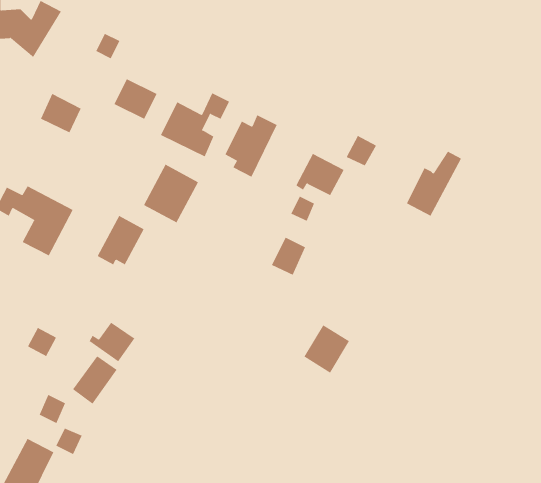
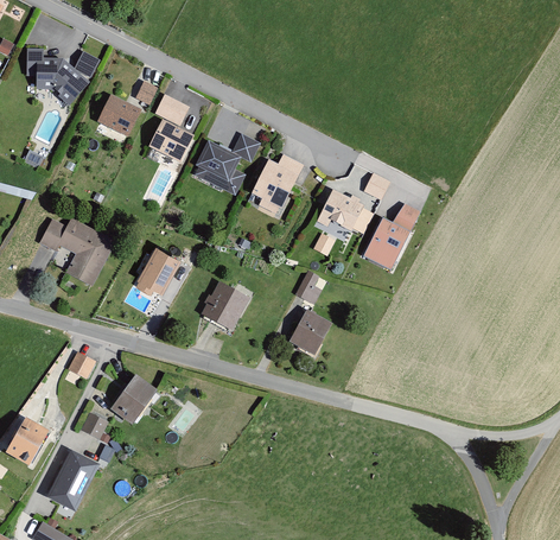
building: none -> [153,94,187,125]
building: [40,93,81,133] -> [98,96,136,133]
building: [406,151,462,217] -> [365,204,416,265]
building: [143,164,199,223] -> [202,279,253,333]
building: [89,322,135,362] -> none
building: [303,324,350,373] -> [292,307,335,352]

